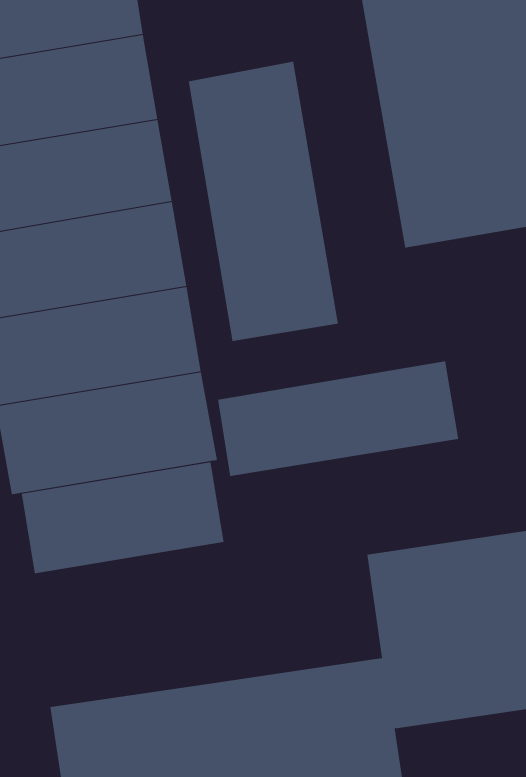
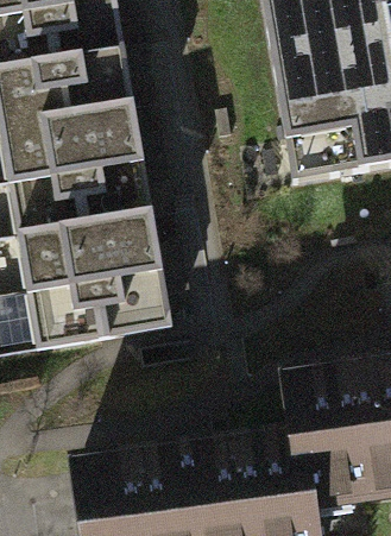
building: [188,61,338,342] -> none
building: [217,360,459,477] -> none
building: [21,461,224,574] -> none

